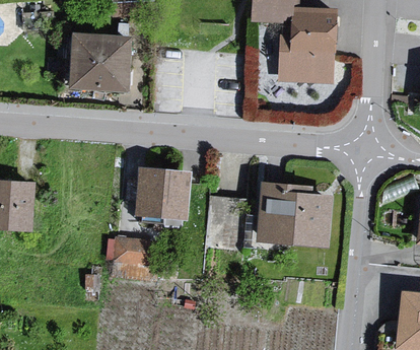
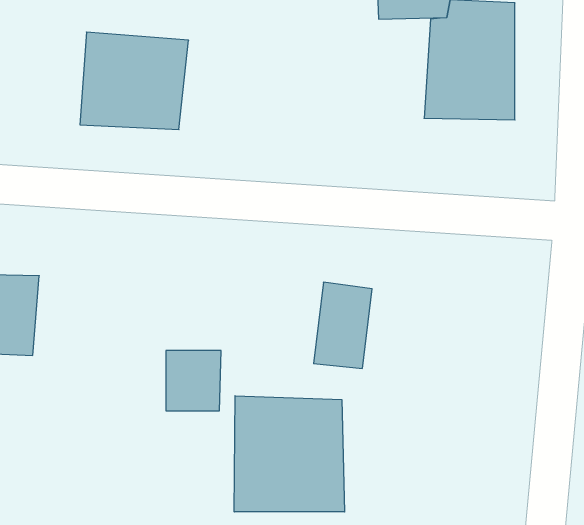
building: [136,166,187,214] -> none
building: [256,181,333,250] -> none
building: none -> [234,396,345,512]

